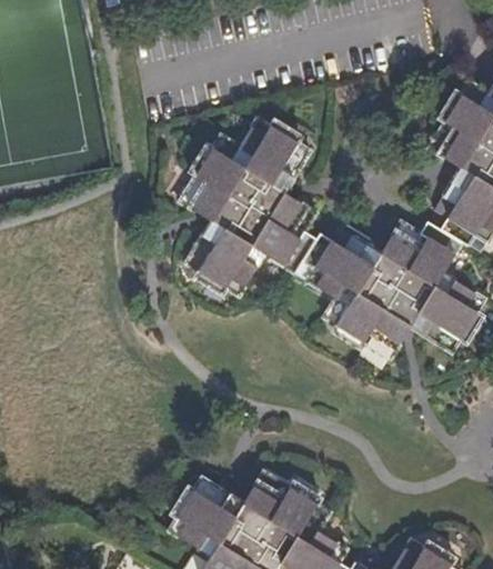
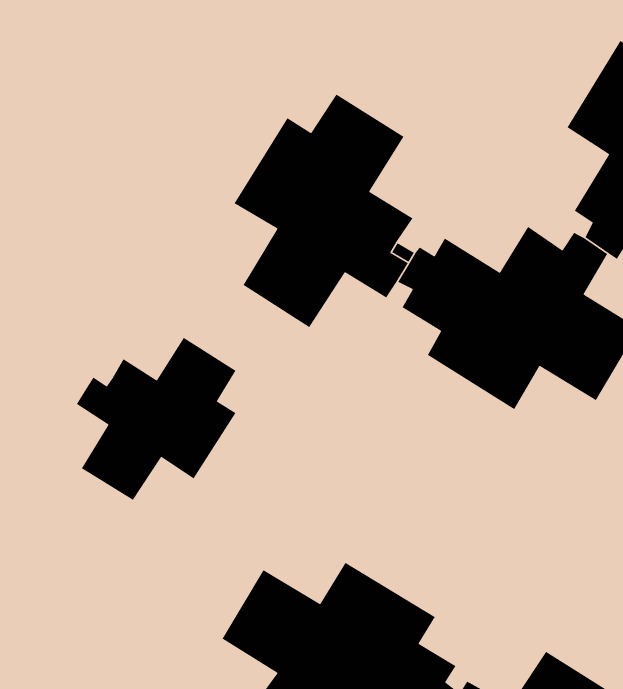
building: none -> [76,337,237,501]

